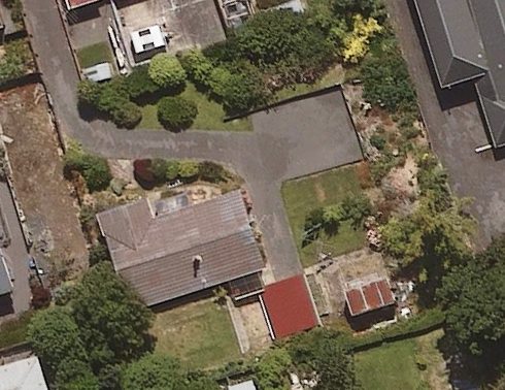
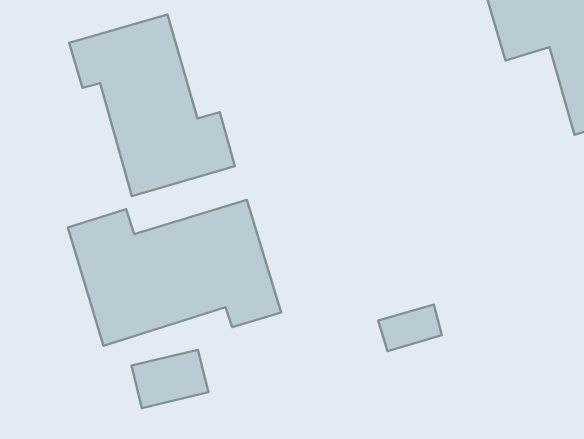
building: none -> [69,15,235,196]

